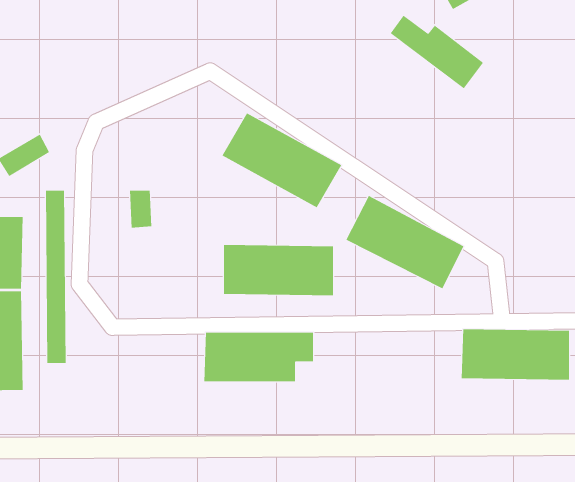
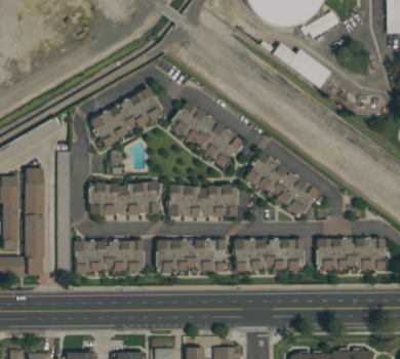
building: none -> [88,89,163,146]
building: none -> [88,182,158,216]
building: none -> [234,239,304,271]
building: none -> [75,240,144,272]

